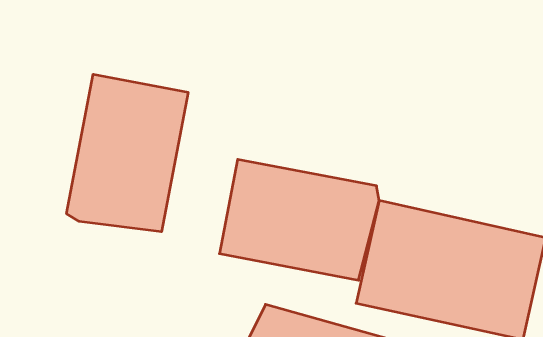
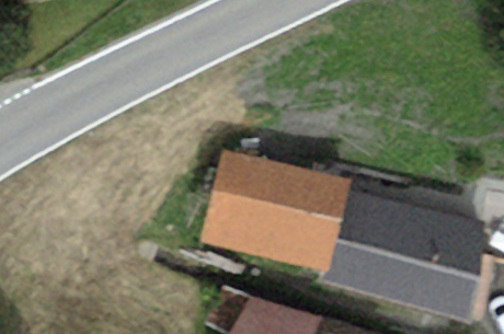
building: [67,74,188,232] -> none

